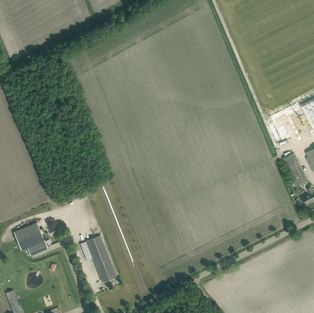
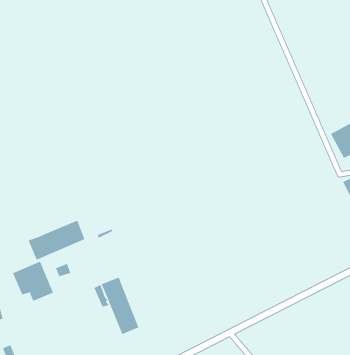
building: none -> [28,220,85,261]

